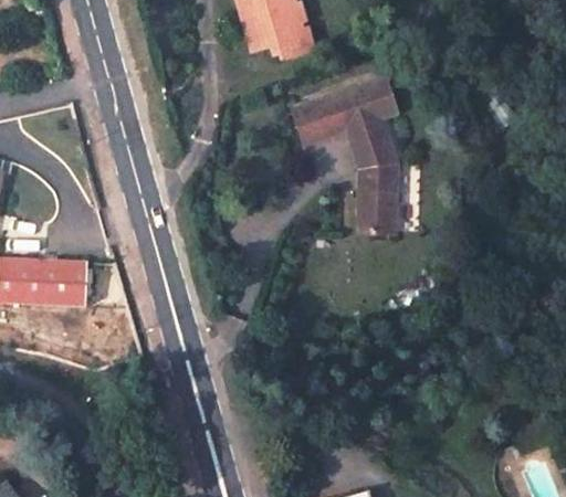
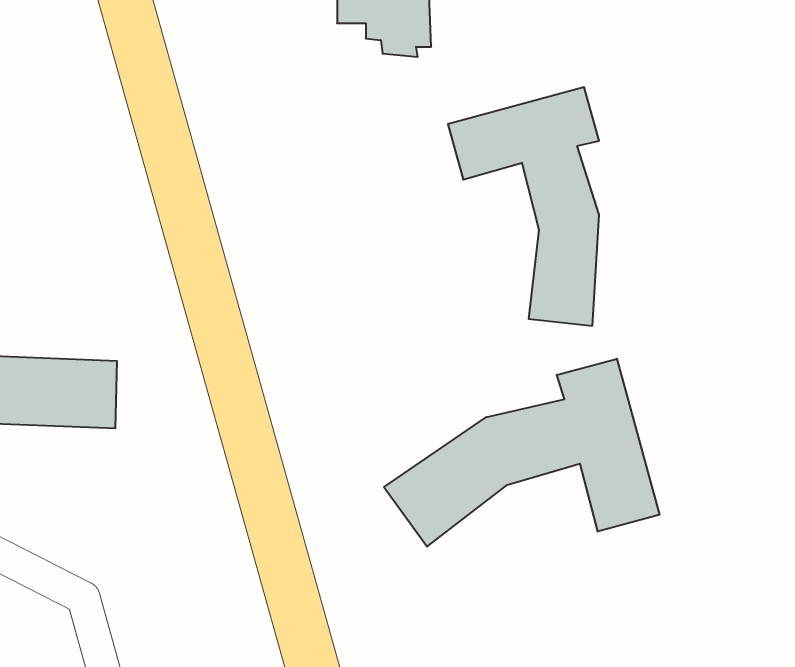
building: none -> [384,359,659,547]

